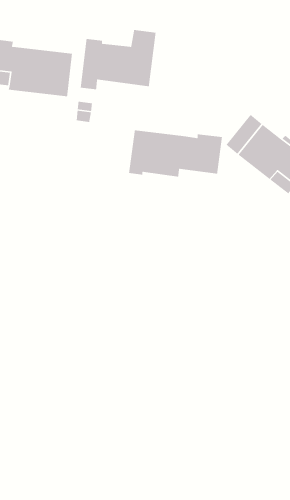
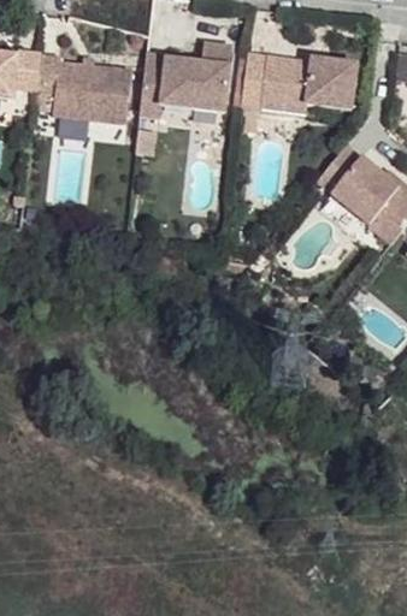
building: [128,130,223,177] -> [242,54,356,112]

